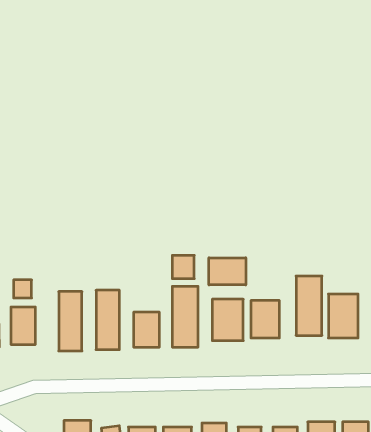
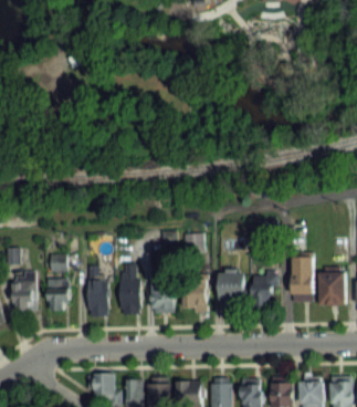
building: [209,258,246,285] -> none

